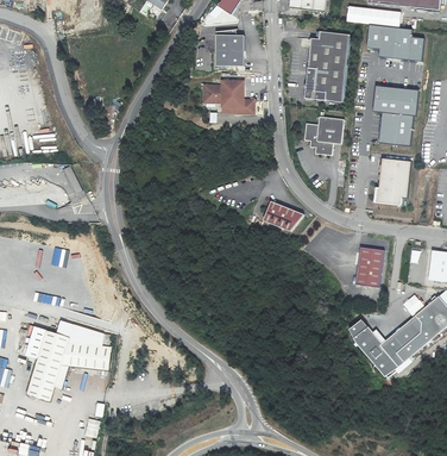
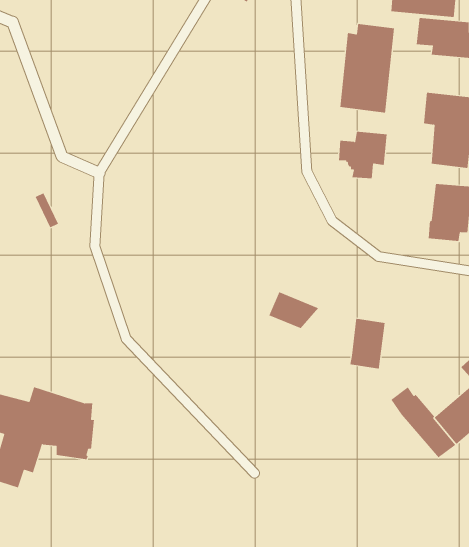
building: [215,30,245,67] -> none
building: [203,81,256,114] -> none
building: [263,201,303,231] -> [268,292,319,329]
building: [355,246,384,287] -> [350,318,385,369]

